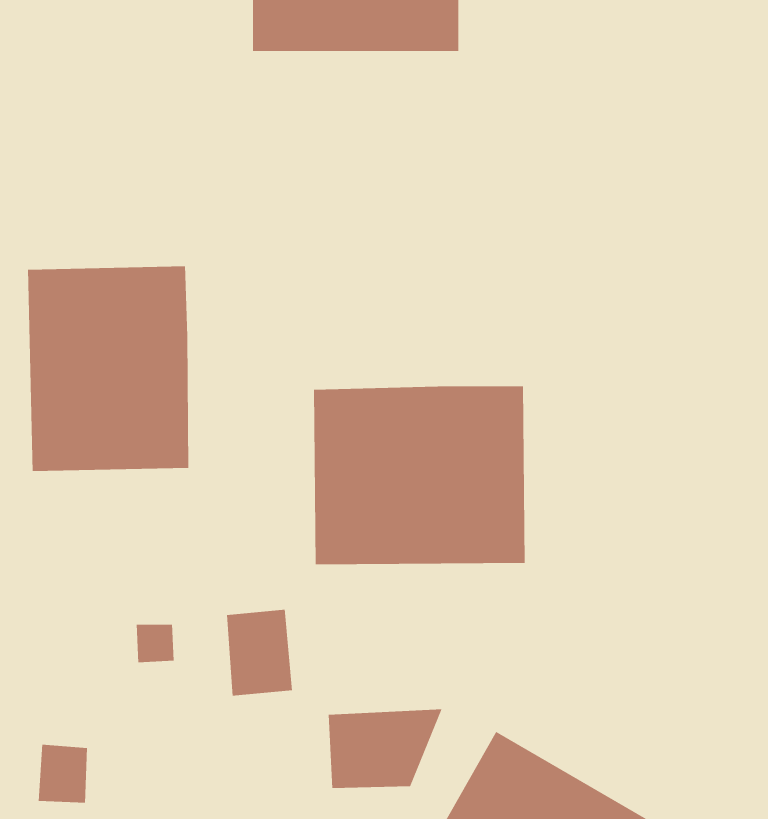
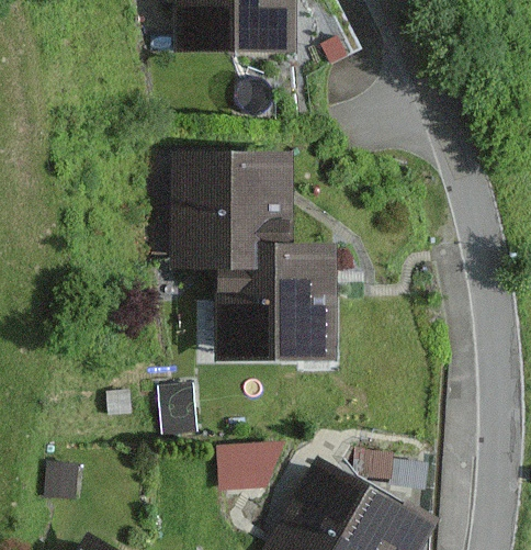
building: none -> [167,154,291,254]
building: [27,266,189,472] -> none

